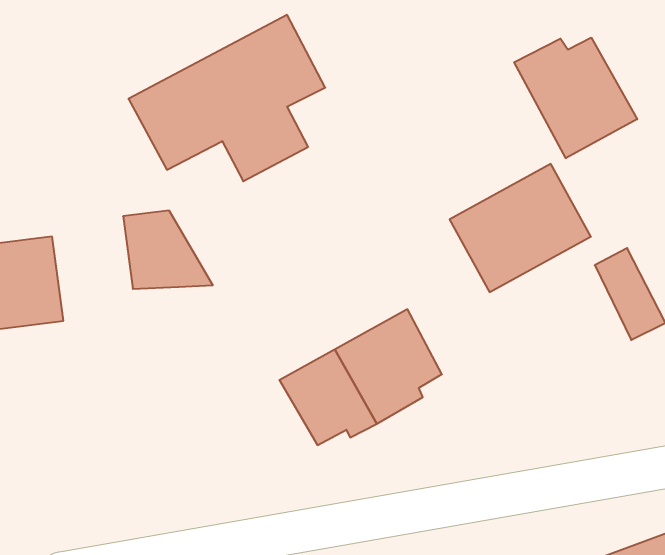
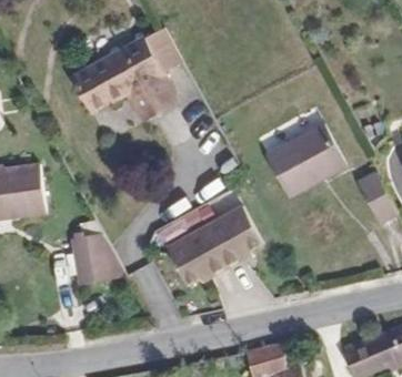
building: [514,38,637,158] -> none
building: [123,211,213,289] -> [66,228,118,274]

